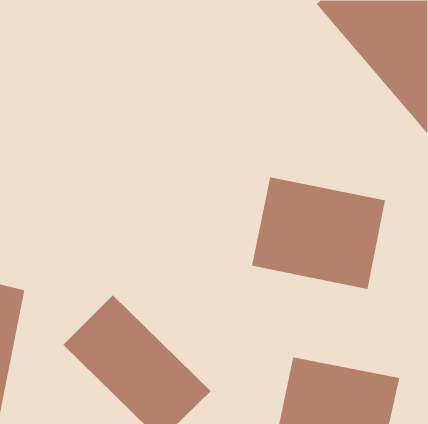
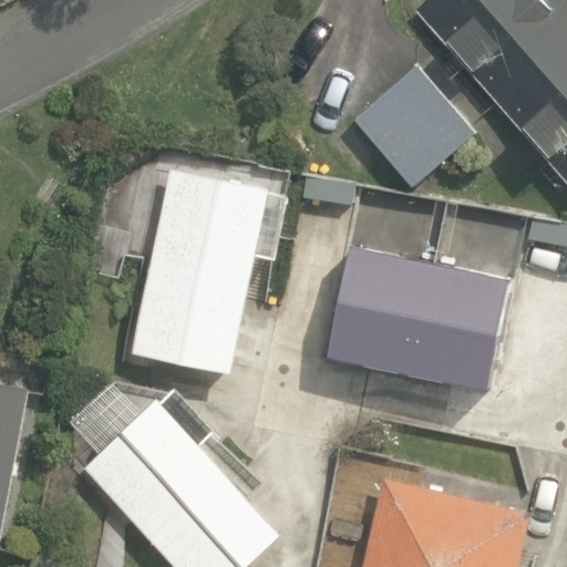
building: none -> [355,72,477,194]
building: none -> [132,165,269,369]

